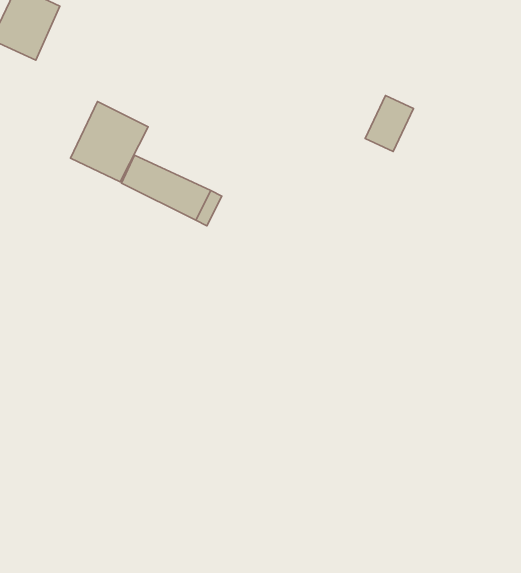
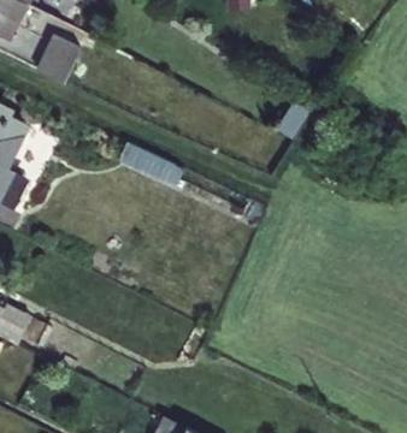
building: [71,101,148,182] -> none

